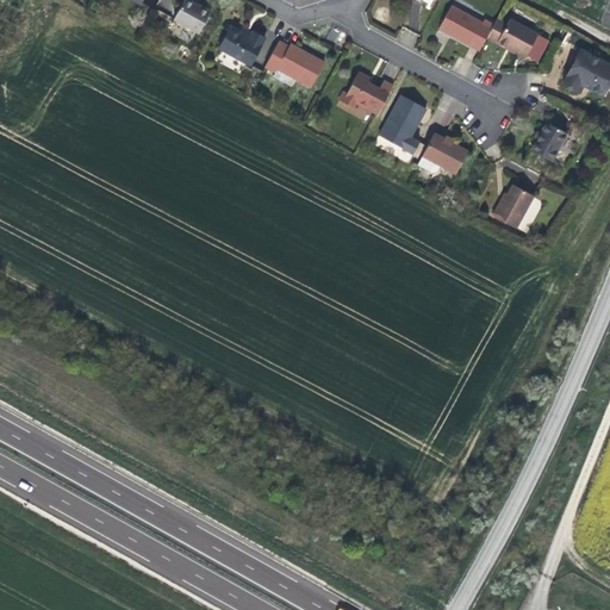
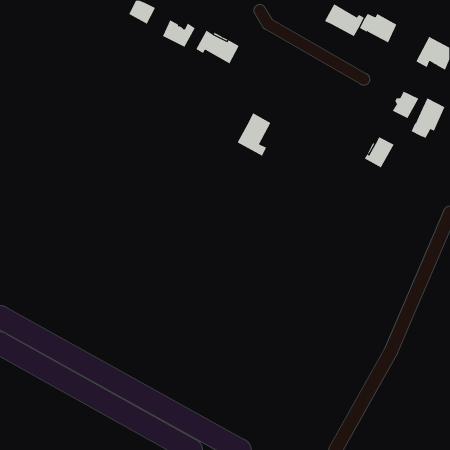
building: [338,71,393,114] -> none
building: [379,94,425,154] -> [237,112,271,156]
building: none -> [411,98,445,139]
building: [417,133,468,174] -> none

